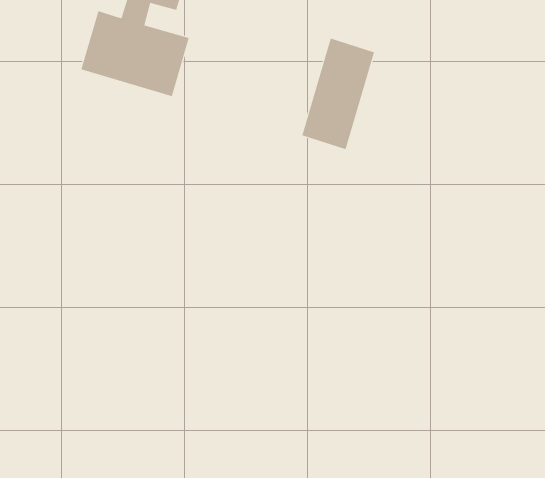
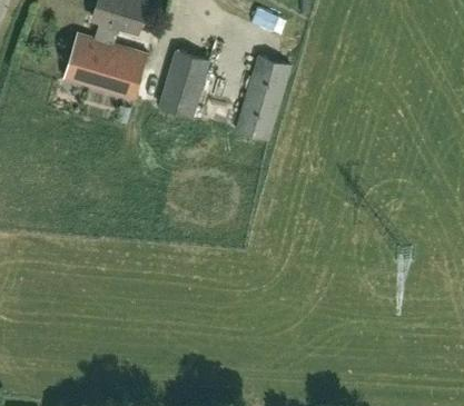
building: none -> [158,49,225,123]

